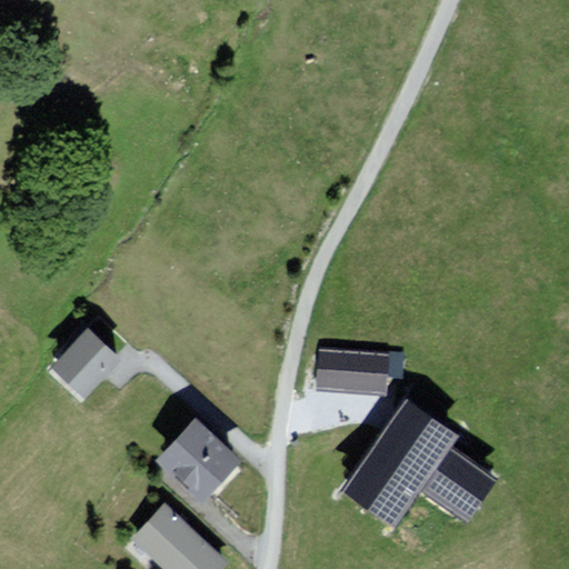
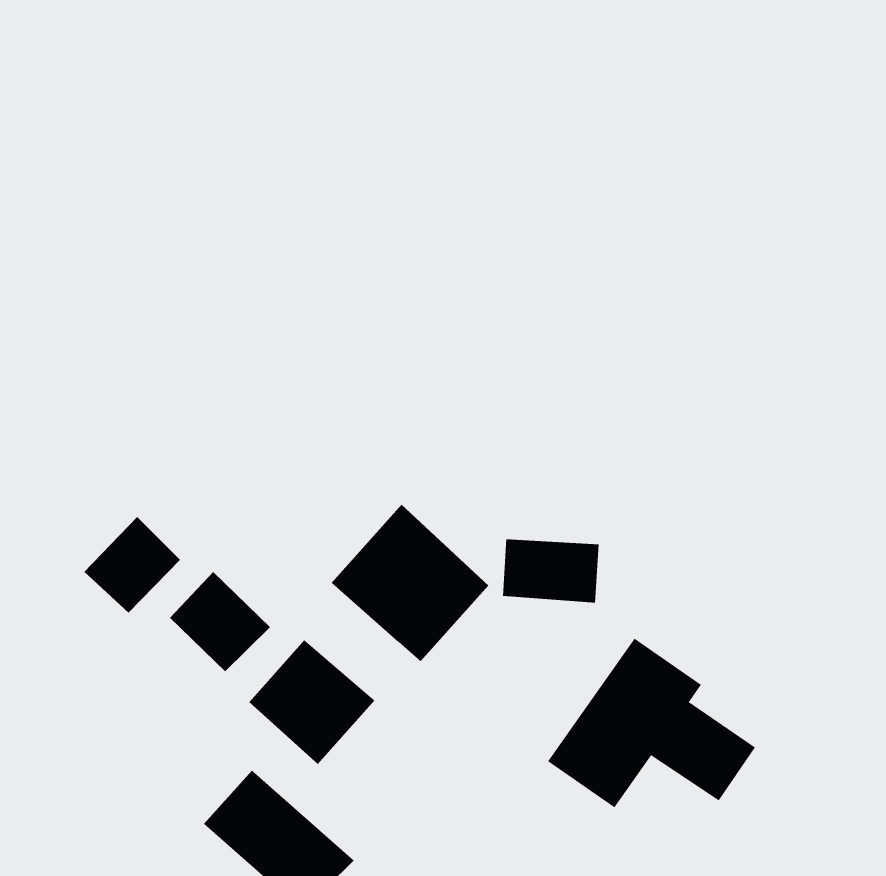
building: none -> [331,504,489,662]
building: none -> [169,571,271,672]

